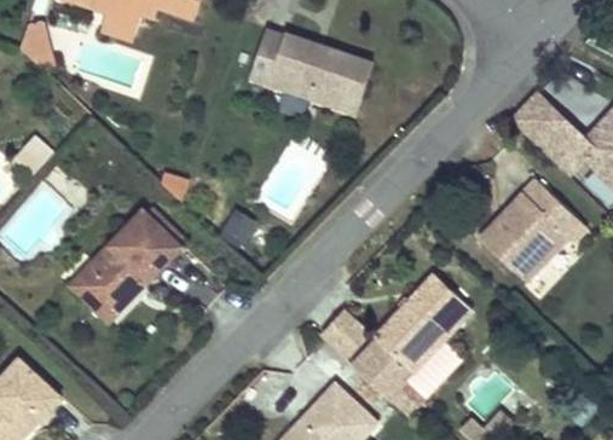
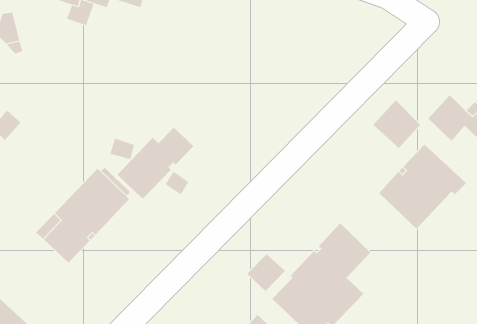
building: [249,30,372,114] -> none
building: [508,89,566,149] -> [373,100,421,149]
building: none -> [117,127,194,200]

